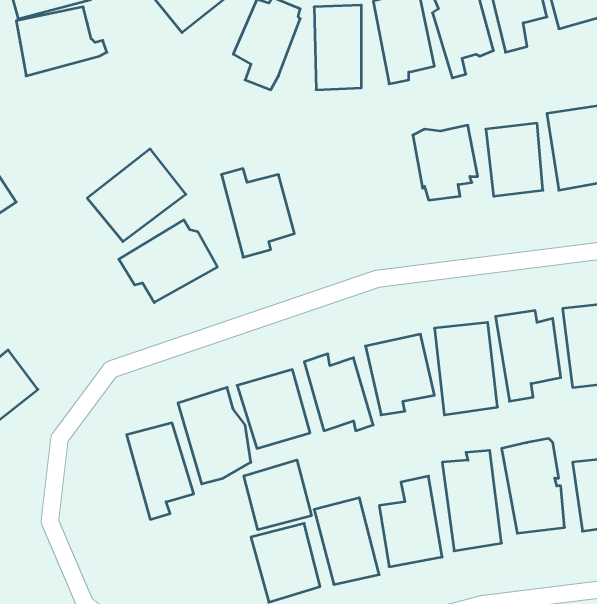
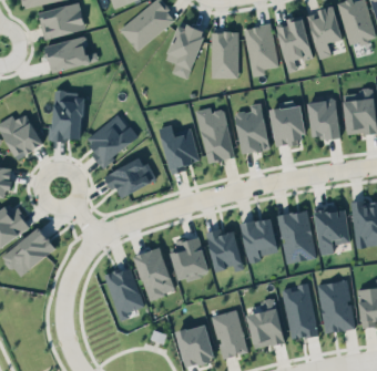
building: none -> [51,91,83,142]
building: none -> [236,103,267,154]
building: none -> [195,107,234,164]
building: [244,460,311,530] -> none

